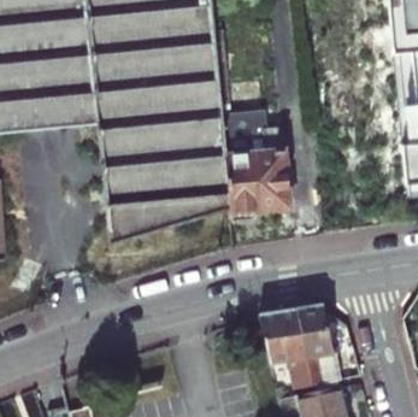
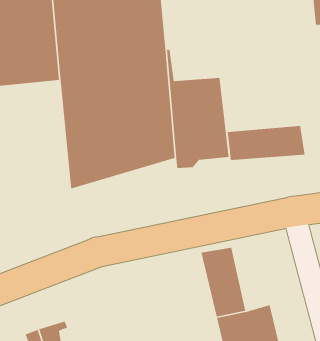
building: none -> [227,125,305,161]
building: [293,303,355,382] -> none

